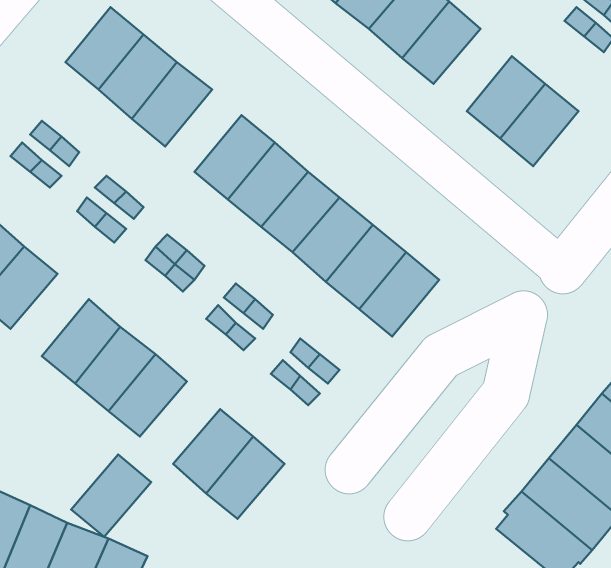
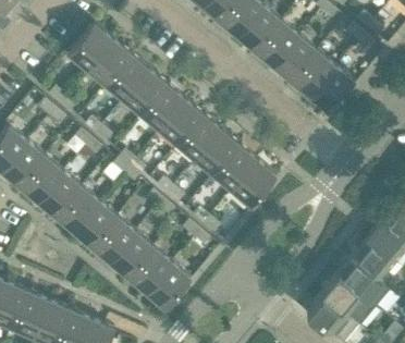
building: none -> [272,36,316,82]
building: none -> [123,70,165,115]
building: none -> [37,172,81,218]
building: [71,455,151,537] -> [109,232,154,278]

